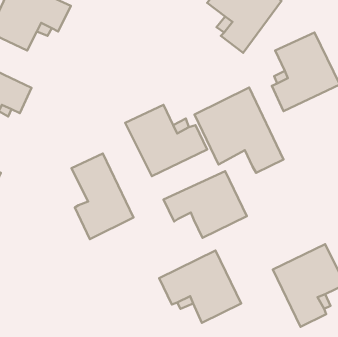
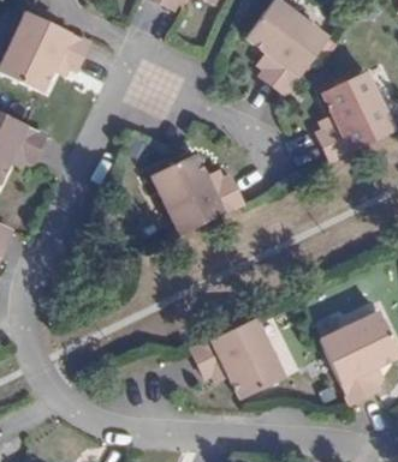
building: [194,88,284,173] -> none
building: [71,153,134,239] -> none
building: [164,171,247,238] -> none

